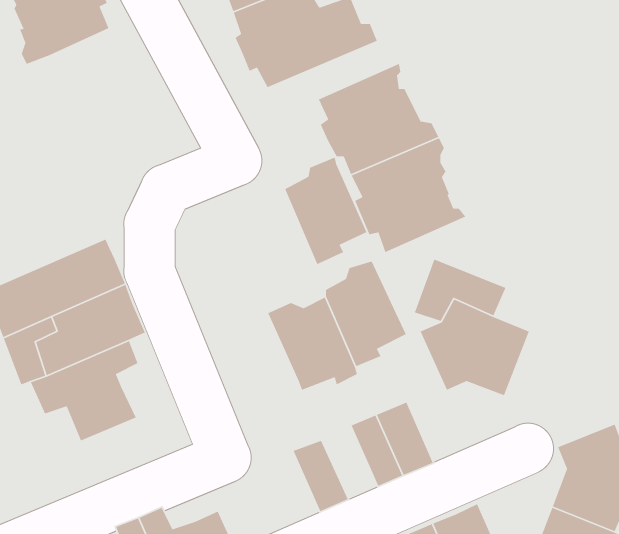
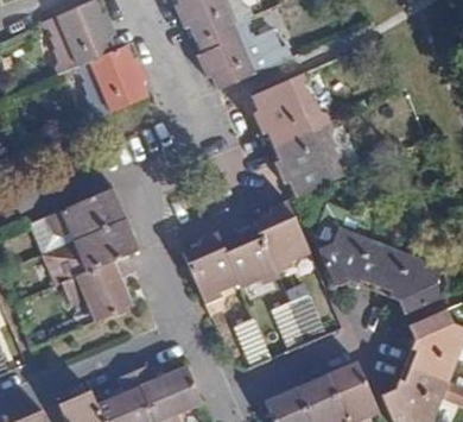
building: none -> [75,44,147,120]
building: [284,156,368,265] -> [183,231,237,302]
building: none -> [373,247,440,313]

